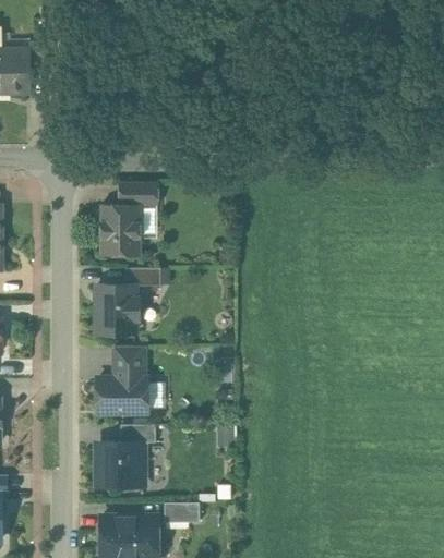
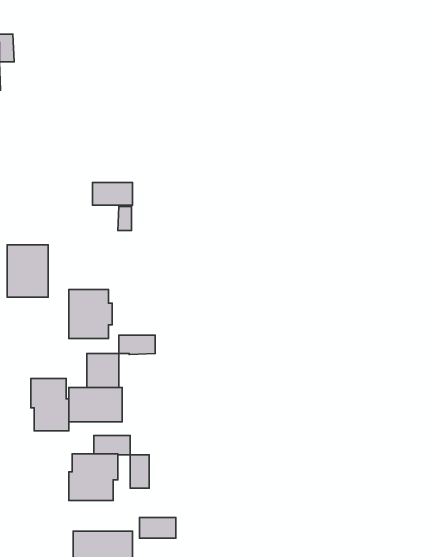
building: [100,205,140,255] -> [7,245,48,297]
building: [124,268,159,287] -> [119,335,155,355]
building: none -> [31,378,69,431]
building: none -> [130,455,149,488]

